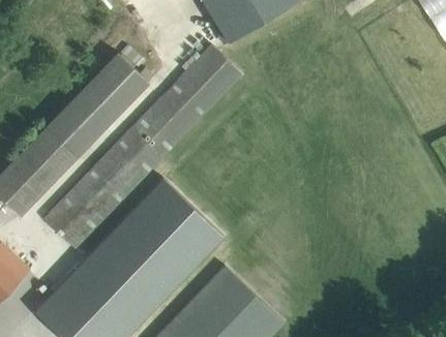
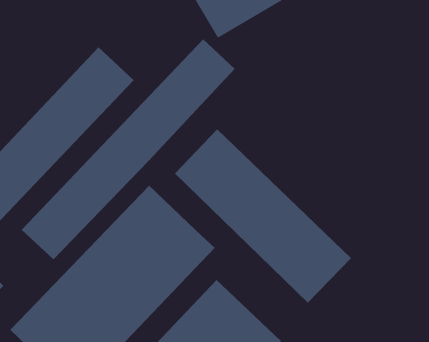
building: none -> [174,129,352,303]

